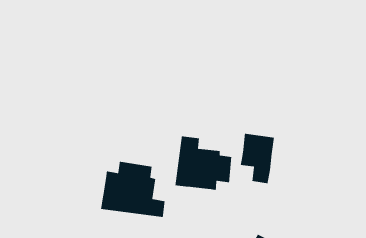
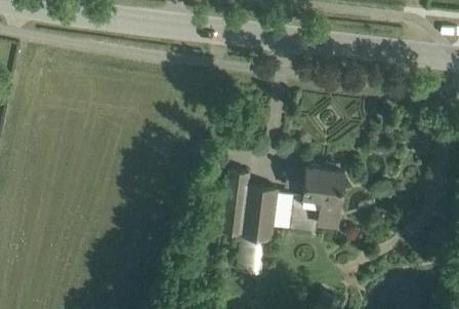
building: [100,161,166,218] -> none

